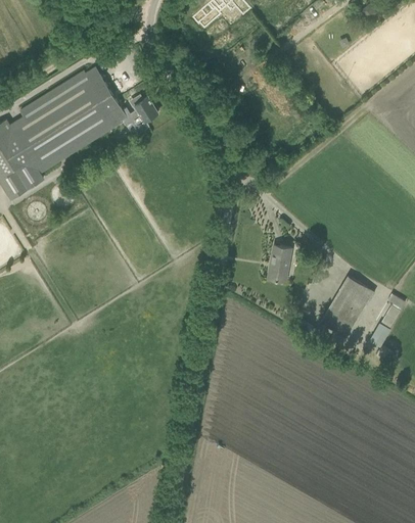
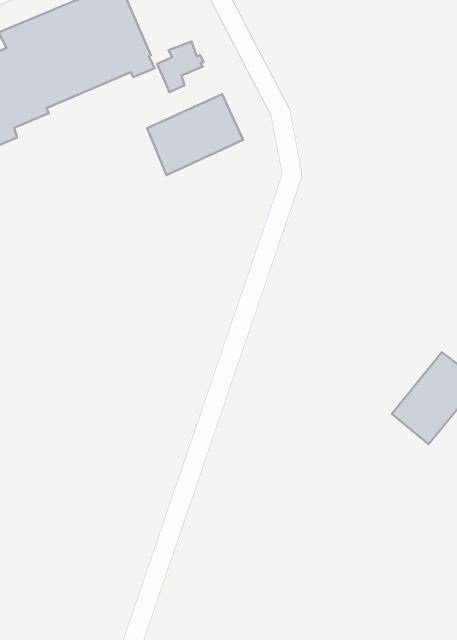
building: none -> [147,94,243,175]
building: [268,244,291,281] -> none

